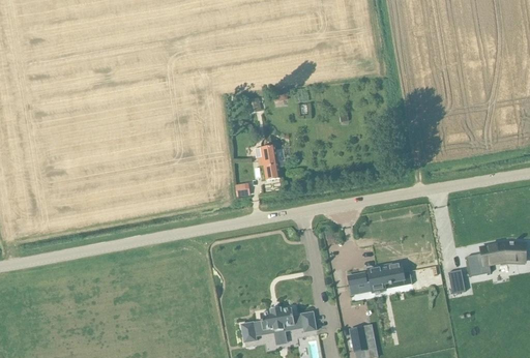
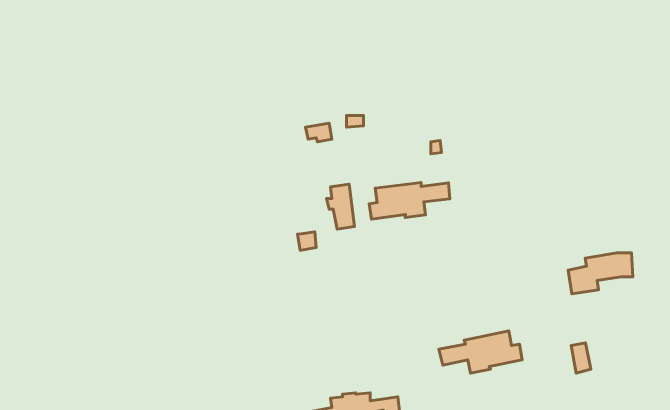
building: none -> [369,182,450,219]
building: [467,244,518,276] -> [568,253,633,294]

